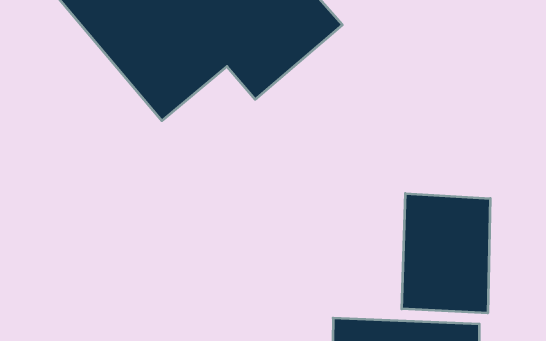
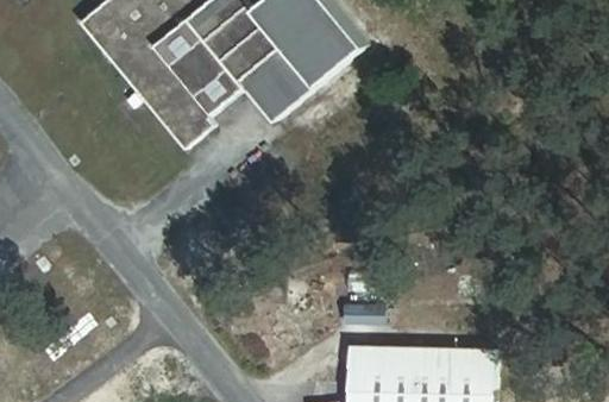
building: [402,193,490,313] -> none

